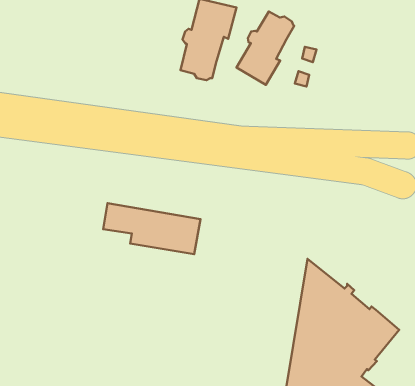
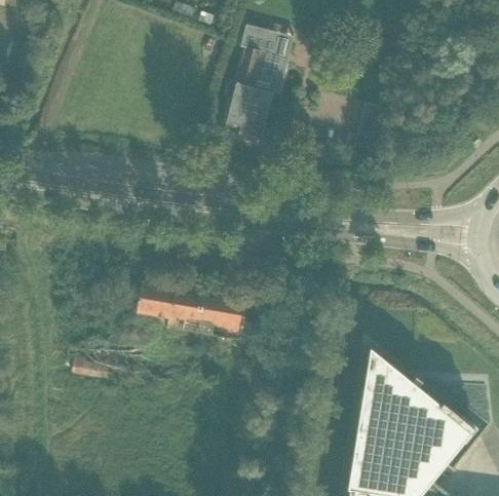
building: [236,11,294,85] -> none

